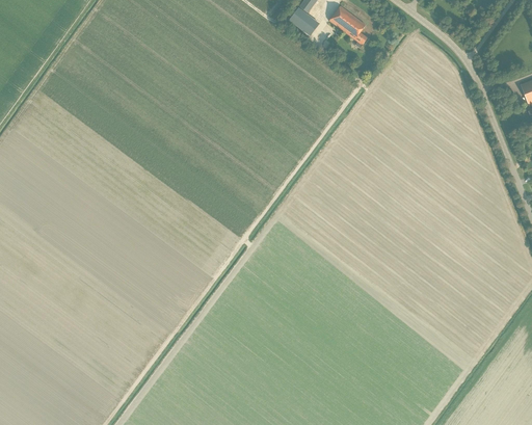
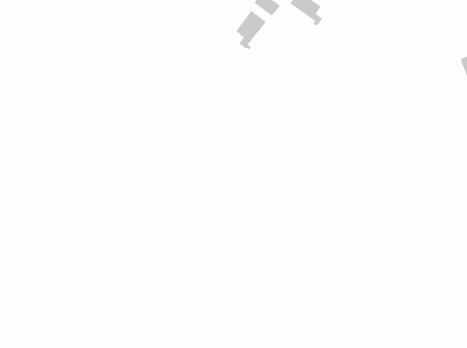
building: none -> [235,10,267,50]

